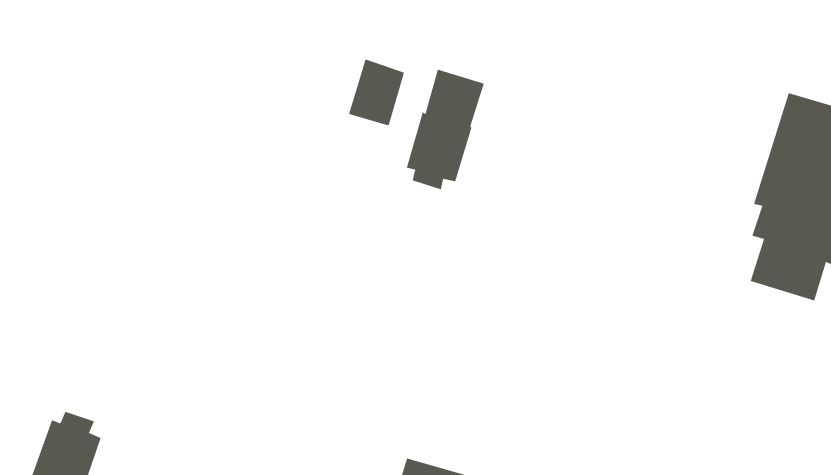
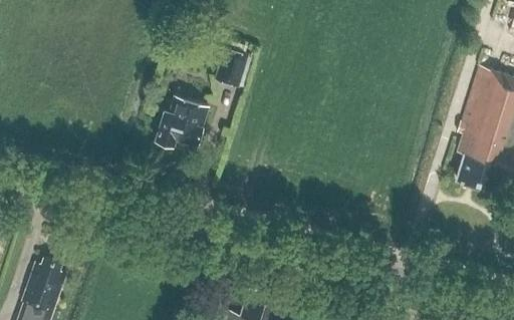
building: [406,69,485,190] -> none
building: none -> [155,97,208,146]

